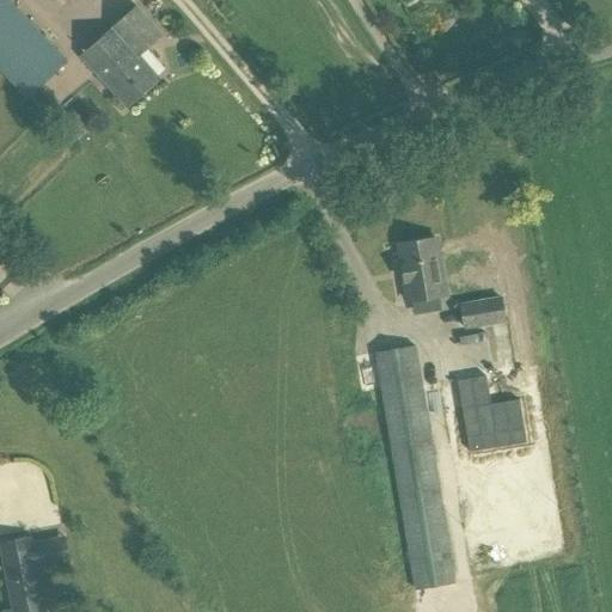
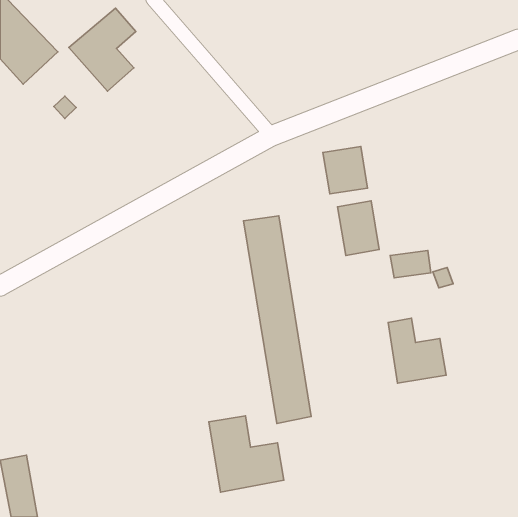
building: none -> [323,147,368,194]
building: [375,344,455,589] -> [243,216,311,424]
building: none -> [209,416,284,492]

